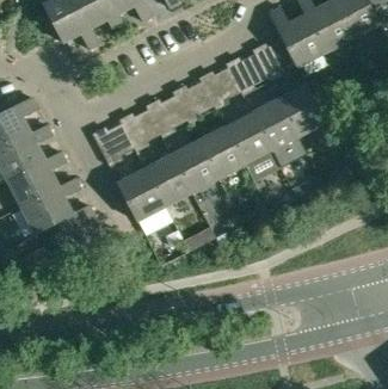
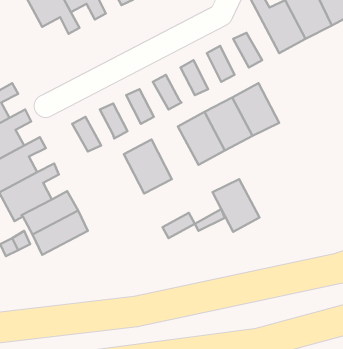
building: [278,84,327,137] -> none
building: [172,141,218,193] -> [213,179,259,232]
building: [117,168,165,222] -> none

